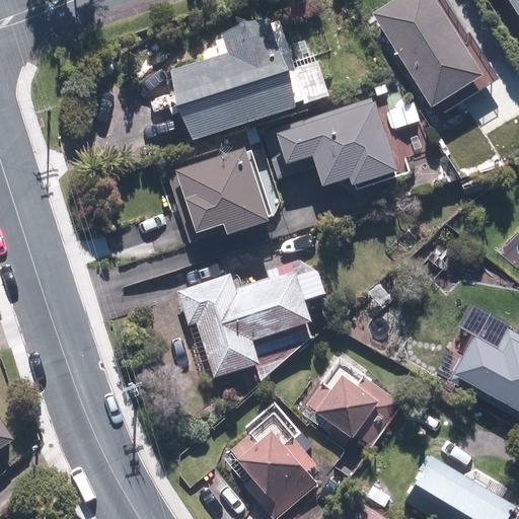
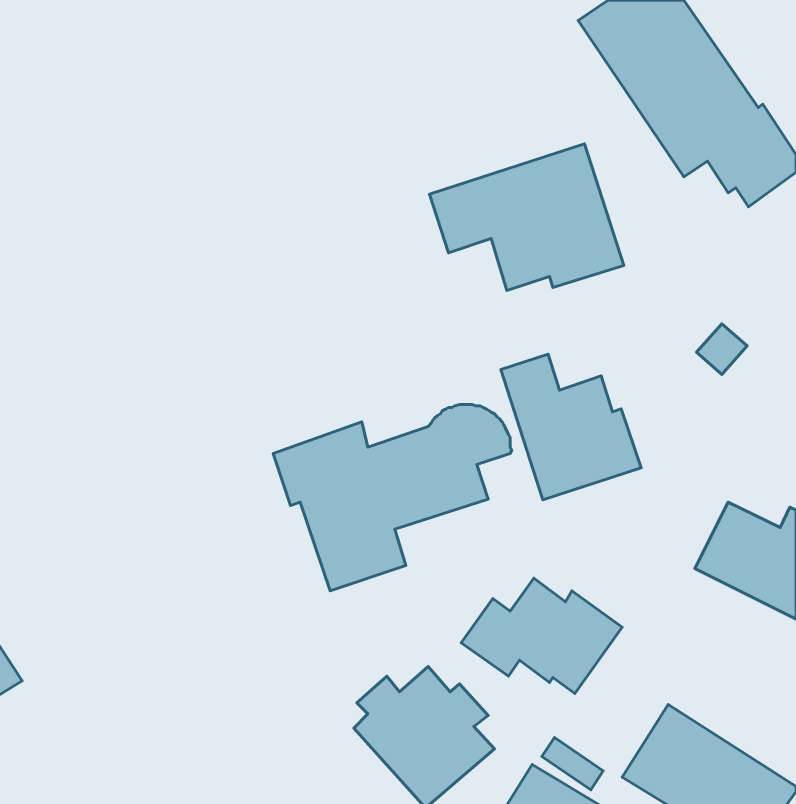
building: [169,18,326,141] -> none
building: [176,145,277,234] -> none
building: none -> [501,354,641,500]

